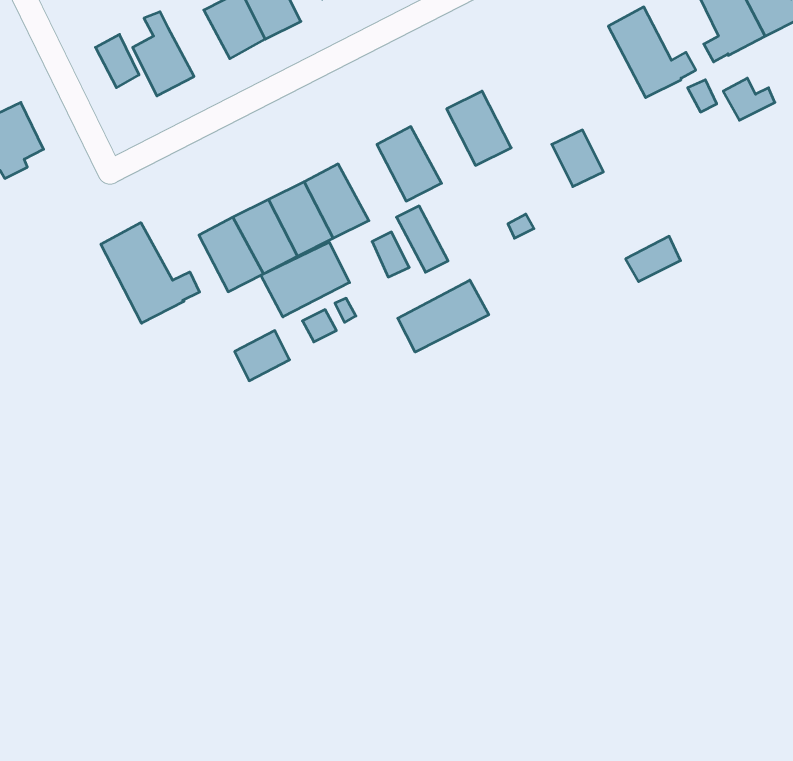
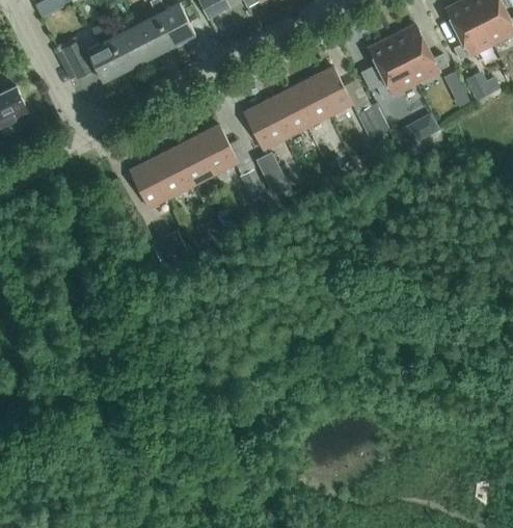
building: none -> [109,27,148,70]
building: none -> [369,37,415,99]
building: none -> [310,68,352,115]
building: none -> [265,90,306,138]
building: [101,223,200,323] -> none
building: [626,236,681,282] -> [401,114,436,143]
building: [261,242,350,317] -> none
building: [398,280,489,352] -> none

